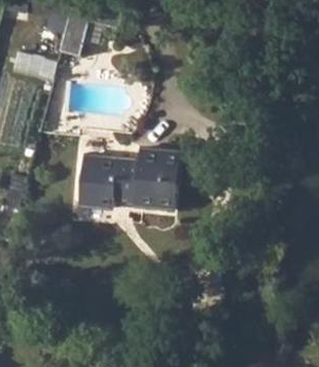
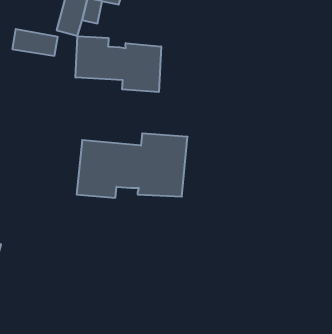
building: none -> [76,36,161,92]

